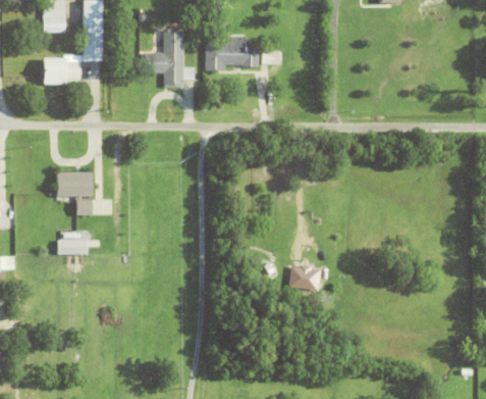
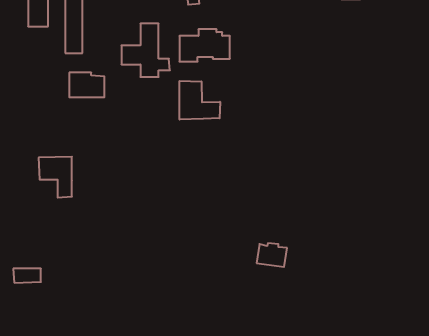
building: [43,56,80,83] -> [69,73,104,97]
building: none -> [180,81,220,120]
building: [56,238,86,253] -> [13,269,41,283]

